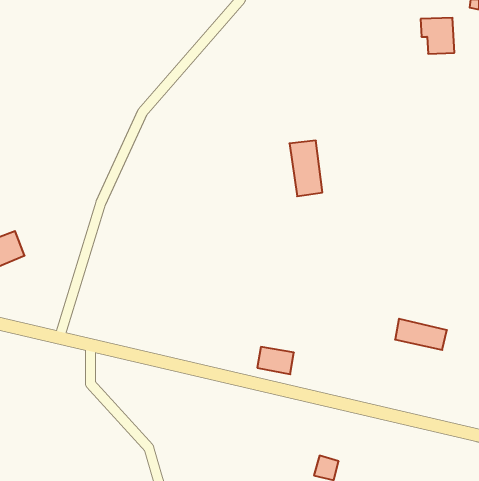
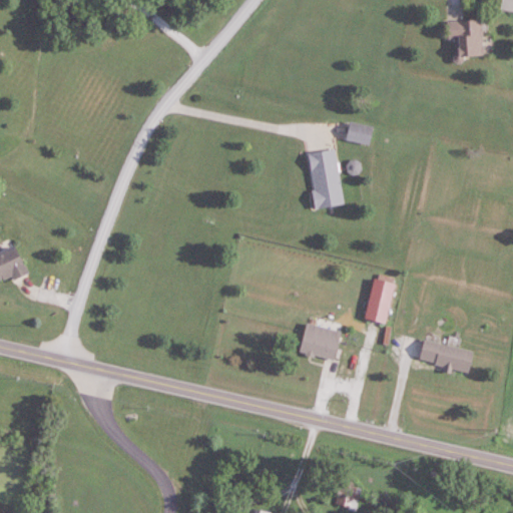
building: none -> [346,121,373,144]
building: none -> [366,279,394,323]
building: [257,347,294,374] -> [300,331,339,360]

